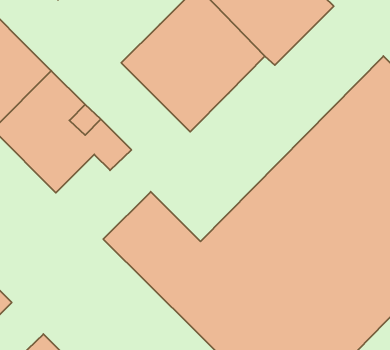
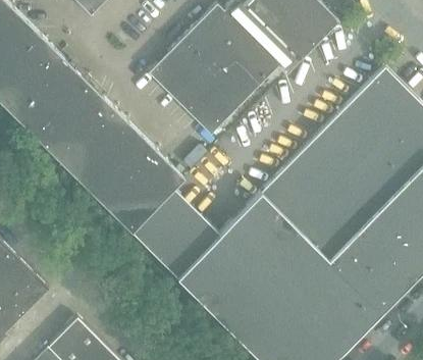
building: none -> [89,151,184,232]

